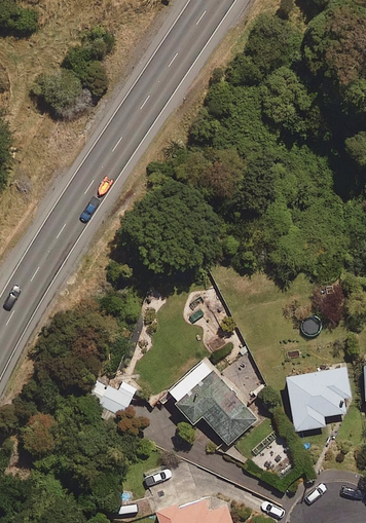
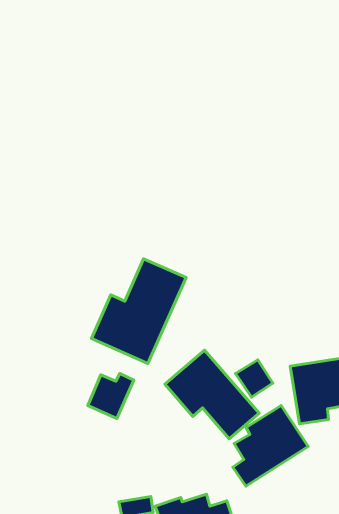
building: none -> [91,259,186,364]
building: none -> [233,405,308,486]

